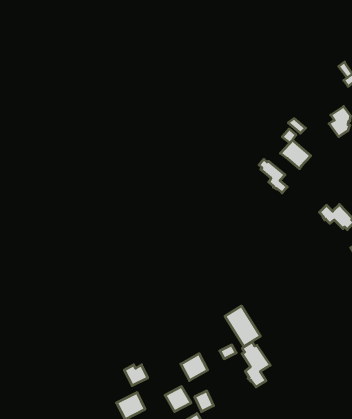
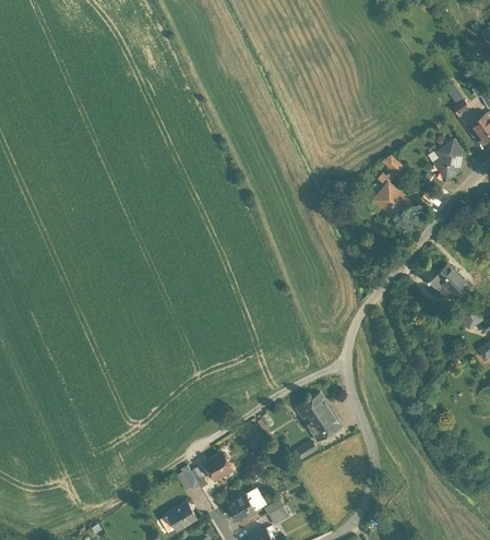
building: [259,159,287,193] -> none
building: [242,342,270,387] -> none
building: [181,354,208,381] -> [202,451,236,484]

